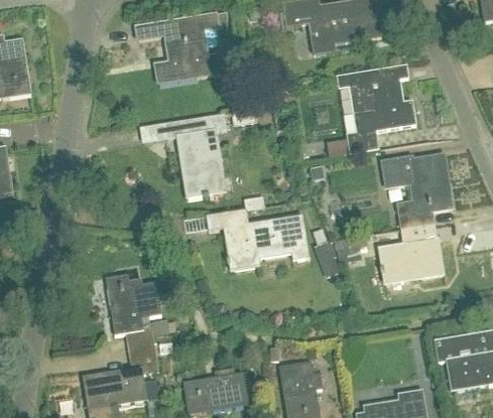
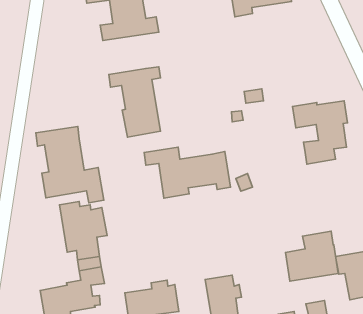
building: [336,65,414,133] -> none
building: none -> [36,126,104,203]
building: [379,224,442,283] -> [286,231,338,281]

